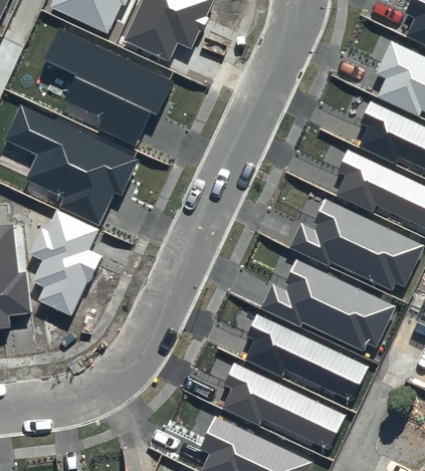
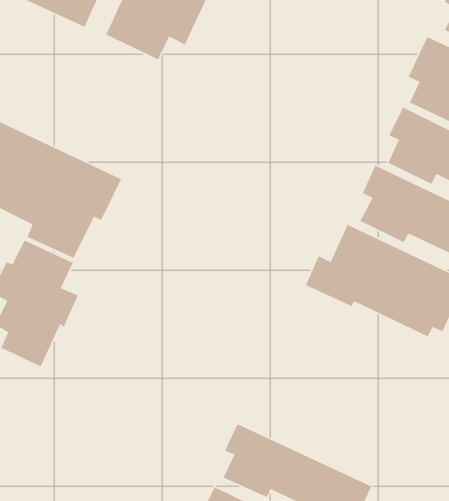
building: [46,31,173,147] -> none
building: [259,258,396,350] -> none
building: [244,314,368,402] -> none

